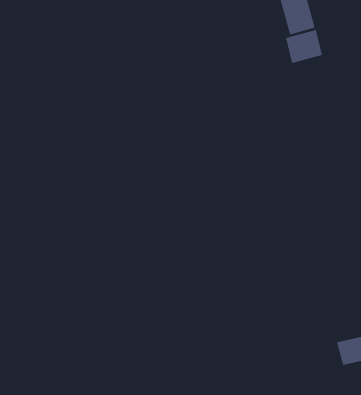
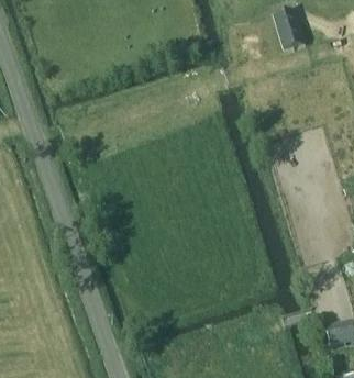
building: [285,29,322,64] -> none

